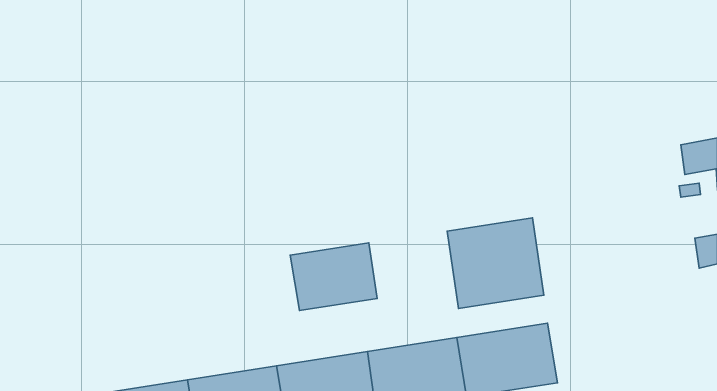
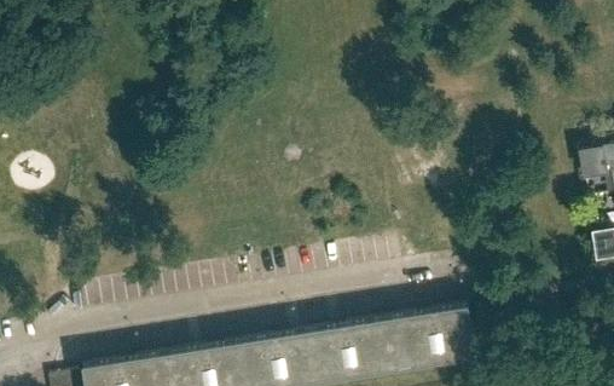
building: [447,218,544,308] -> none
building: [290,243,377,311] -> none

